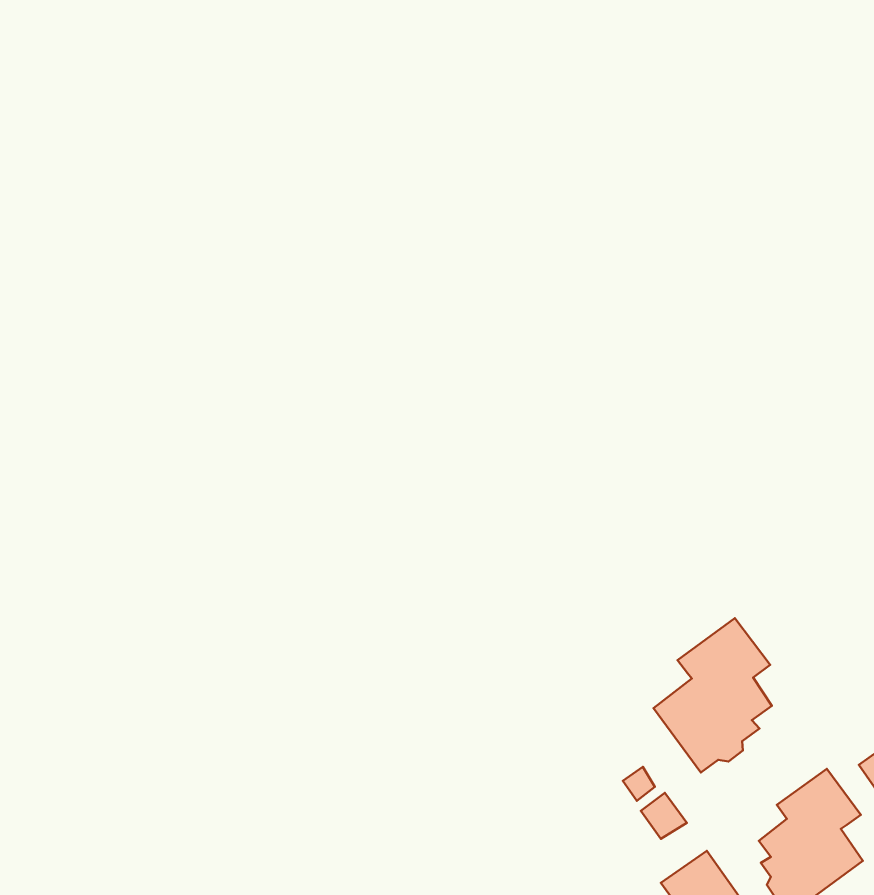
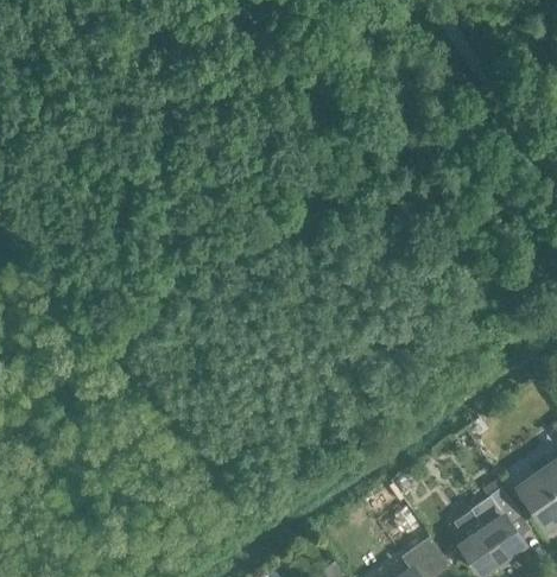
building: [653,618,772,773] -> none

